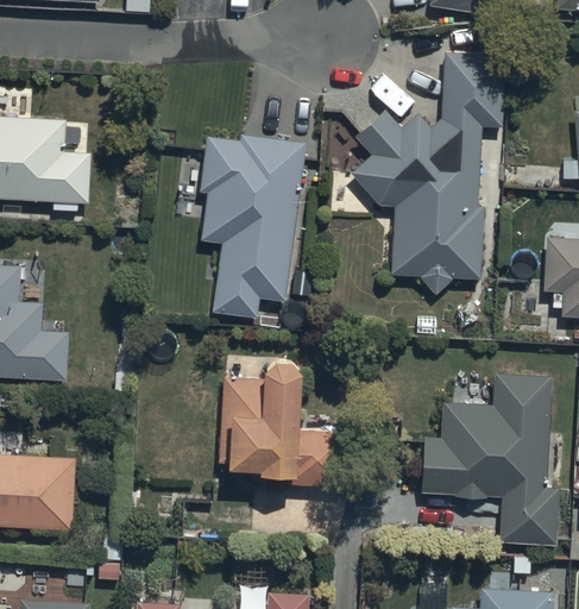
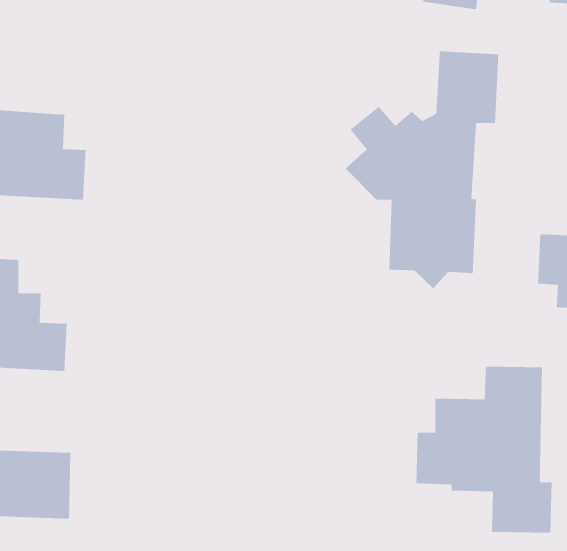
building: [202,134,303,319] -> none
building: [218,362,345,485] -> none

